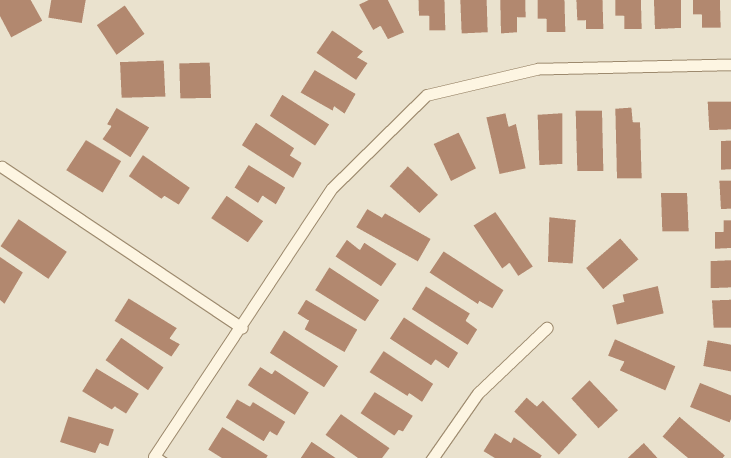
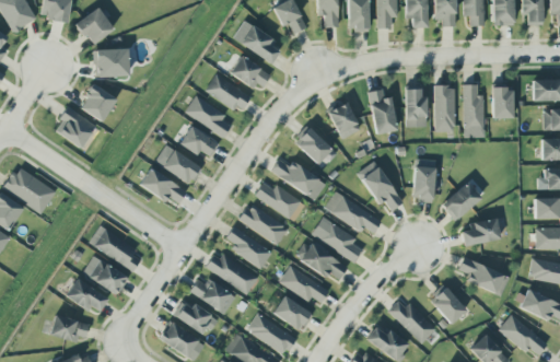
building: [179,62,211,99] -> none
building: [128,154,191,205] -> [140,166,187,205]
building: [660,192,689,232] -> [492,87,514,117]

